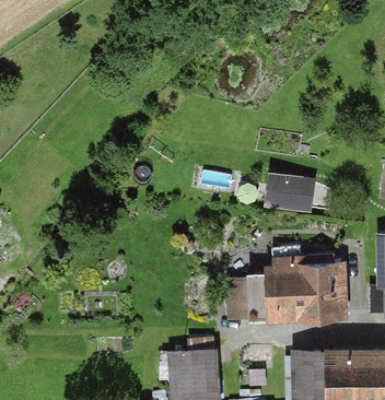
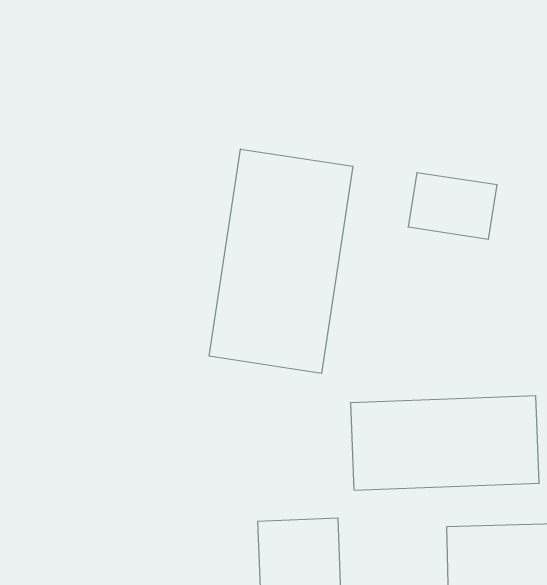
building: none -> [209,149,353,373]
building: [267,173,323,214] -> [408,173,497,239]

